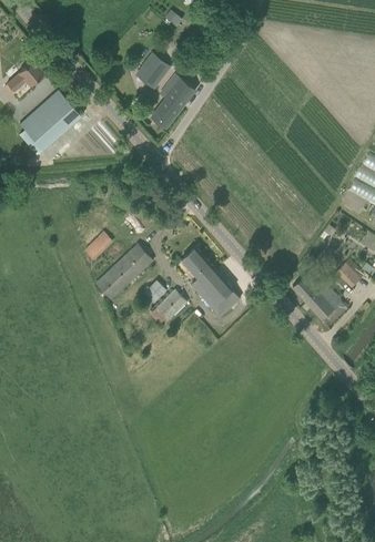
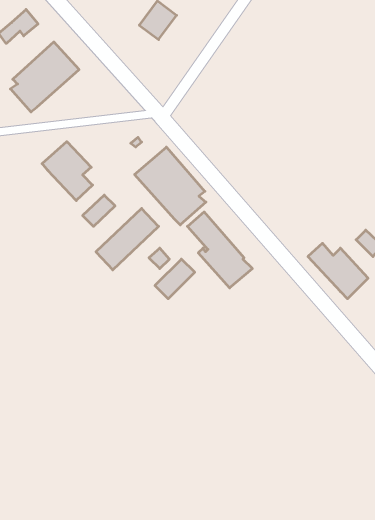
building: [152,73,196,127] -> none
building: none -> [42,142,93,201]
building: none -> [135,147,206,225]

